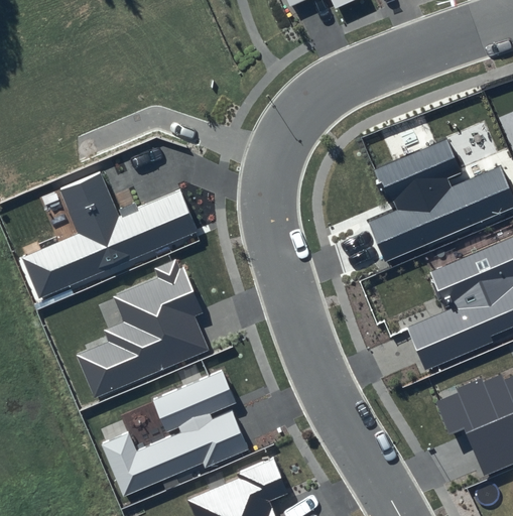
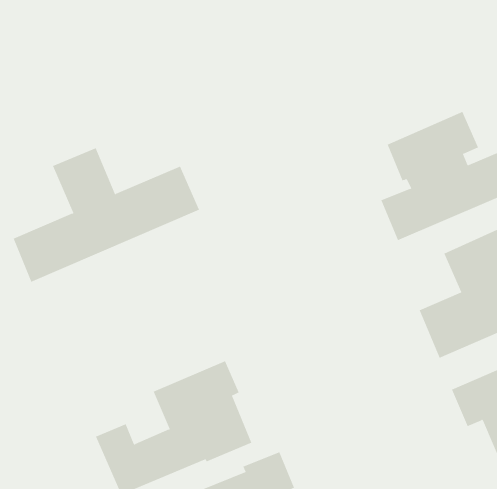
building: [77,259,210,398] -> none

